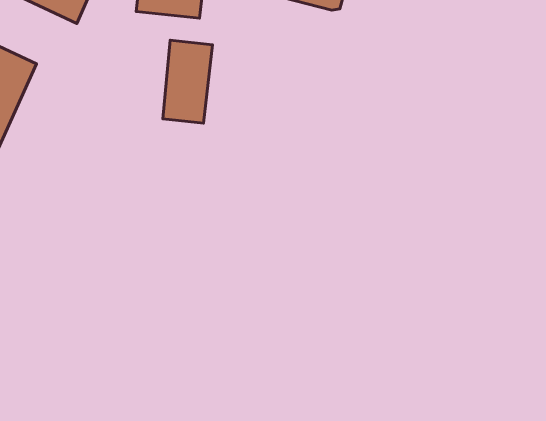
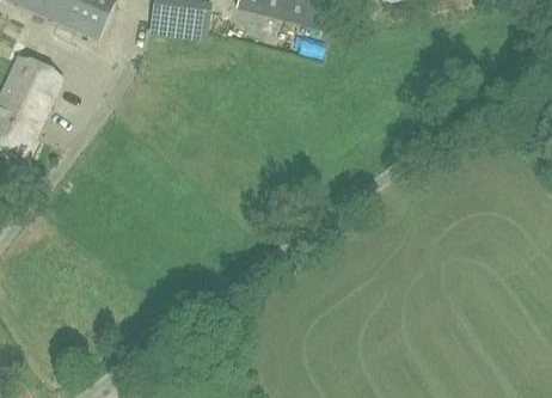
building: [163,40,212,123] -> none

